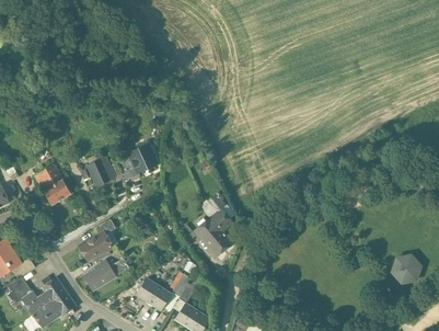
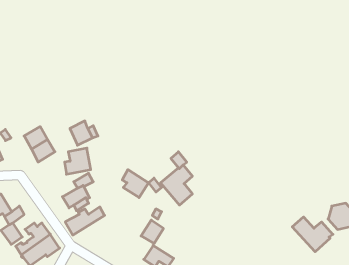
building: [124,145,154,175] -> [65,148,91,174]
building: none -> [292,217,333,252]
building: [140,277,171,310] -> [122,170,148,198]

